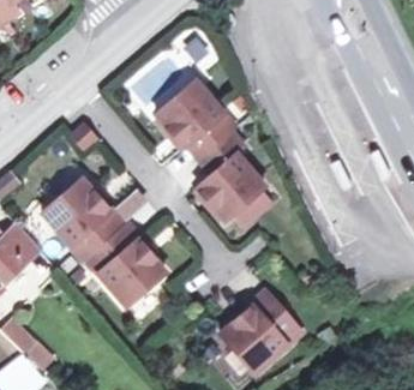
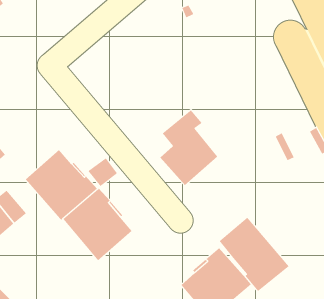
building: [156,82,236,161] -> none
building: none -> [219,217,290,292]

